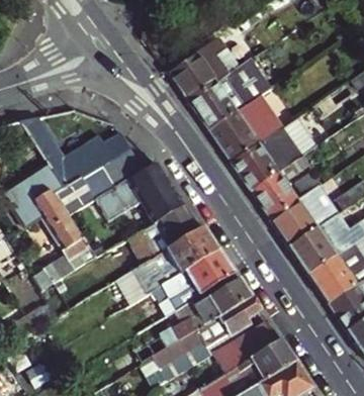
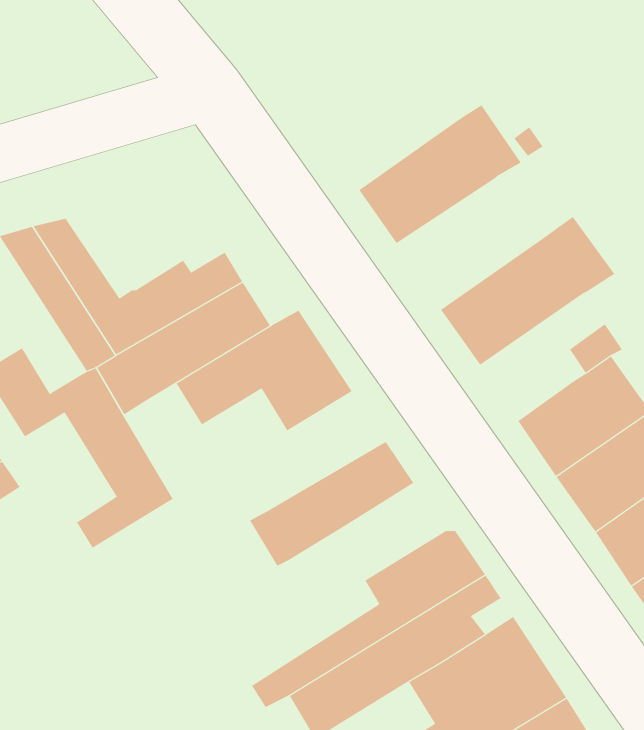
building: [170,36,242,103] -> none
building: [209,97,281,164] -> none
building: [252,156,311,220] -> none
building: [128,205,204,266] -> none
building: [155,252,235,315] -> none

